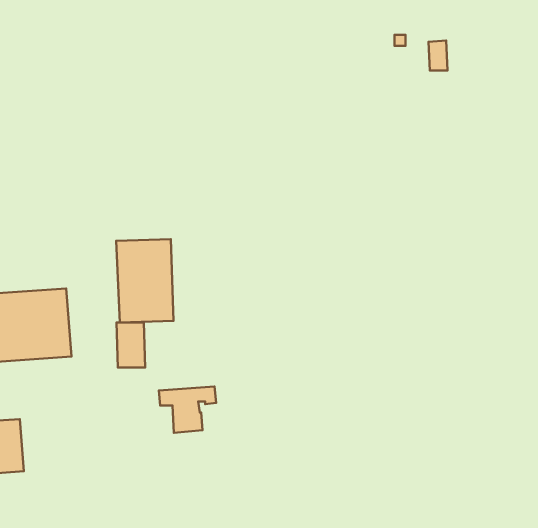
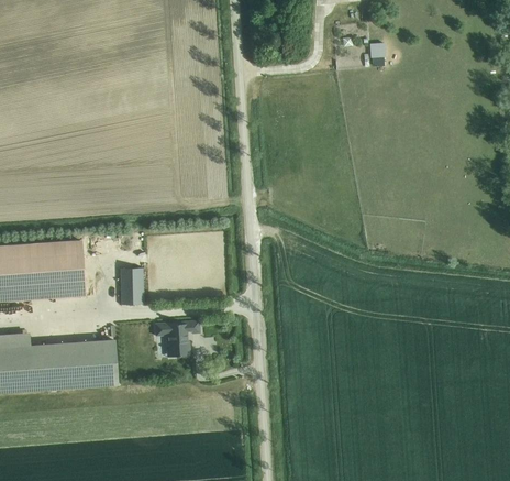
building: [116,239,173,322] -> none
building: none -> [42,340,117,387]

